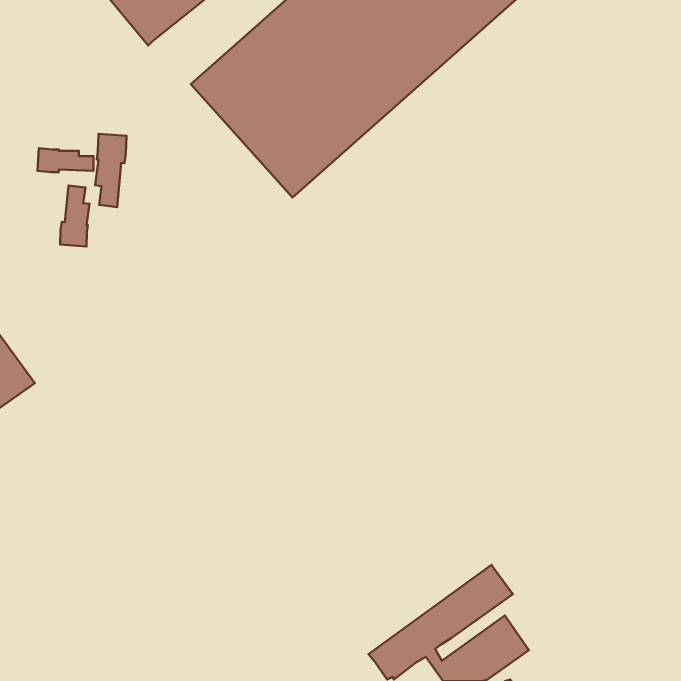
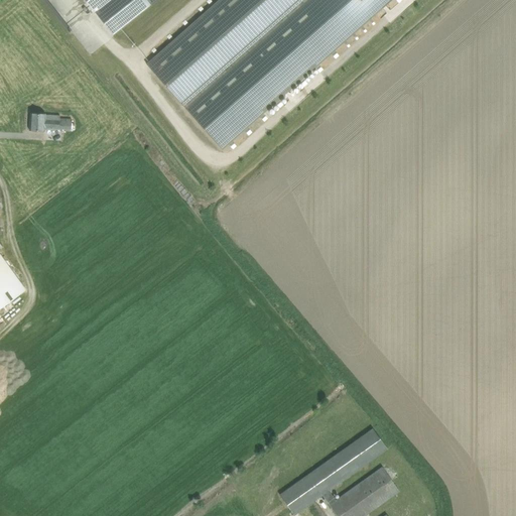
building: [95,134,126,207] -> none
building: [60,185,89,246] -> none

